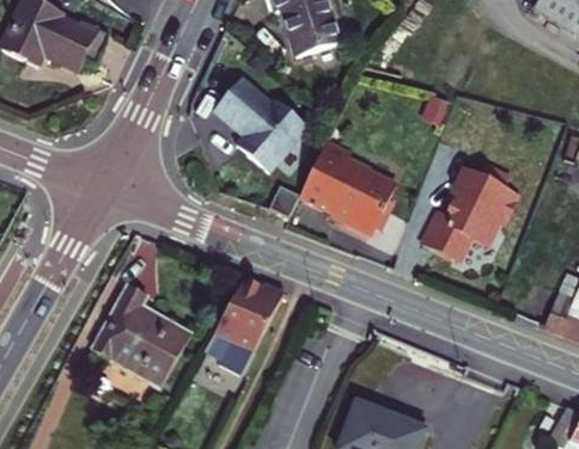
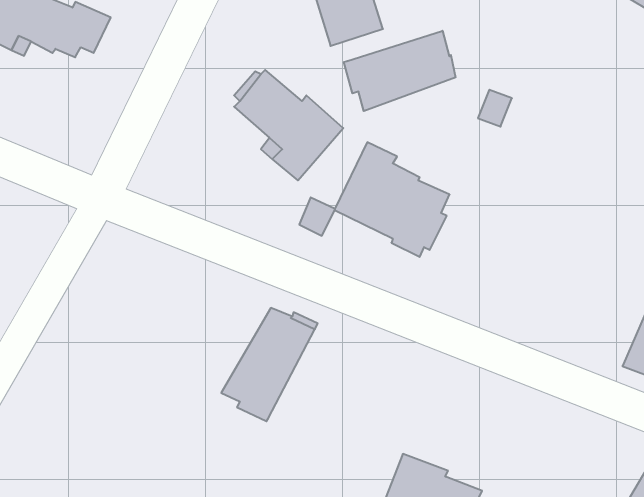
building: none -> [344,31,456,111]
building: [422,164,519,259] -> none
building: [93,284,193,388] -> none

